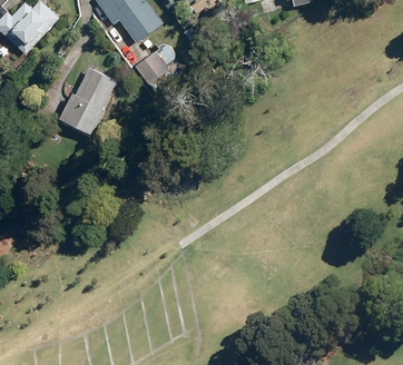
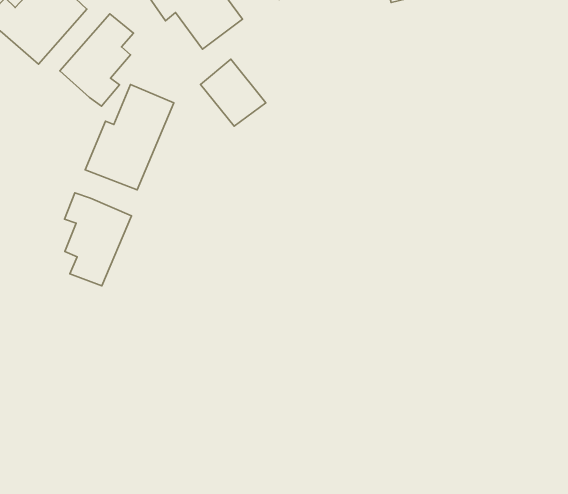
building: none -> [60,14,134,106]
building: none -> [64,193,131,286]

